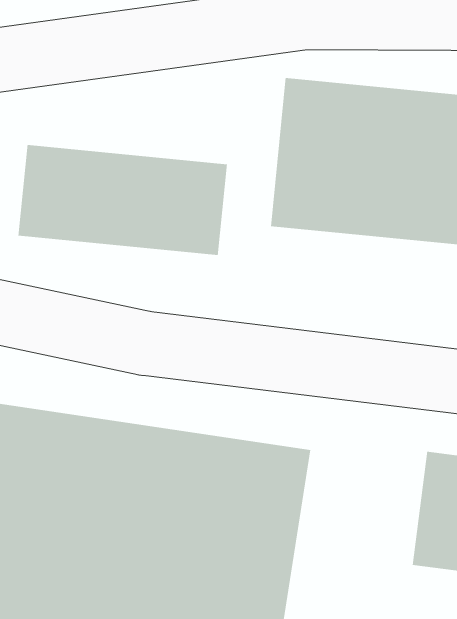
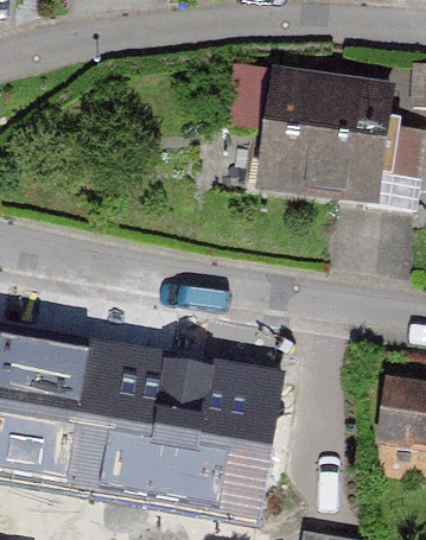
building: [18,144,227,256] -> none

